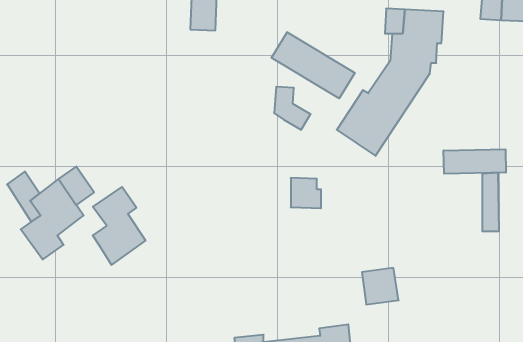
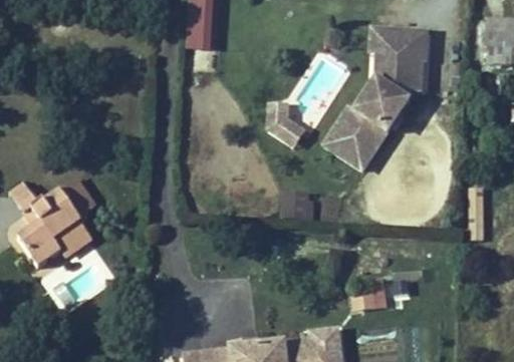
building: [272,32,355,98] -> none
building: [444,149,506,174] -> none
building: [93,187,145,265] -> none

